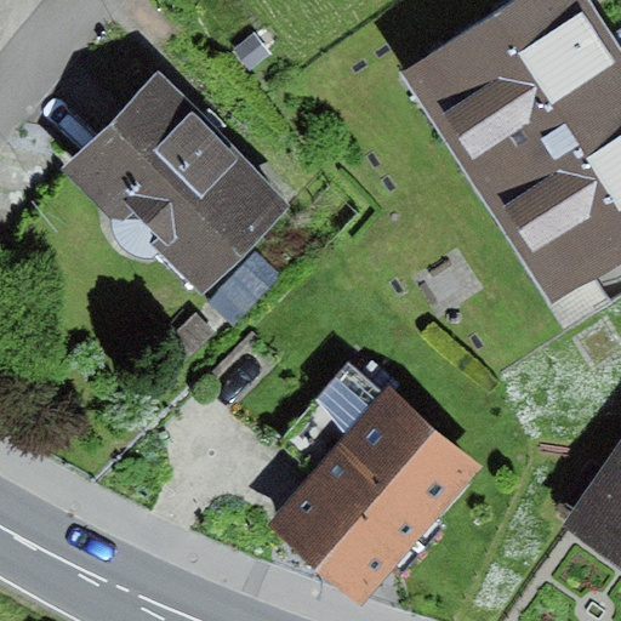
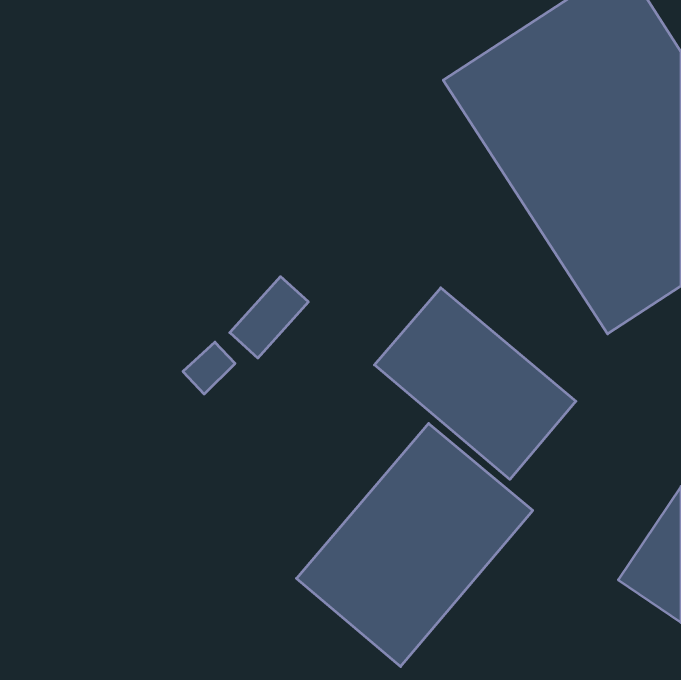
building: [70,78,292,296] -> none
building: none -> [374,288,576,479]

